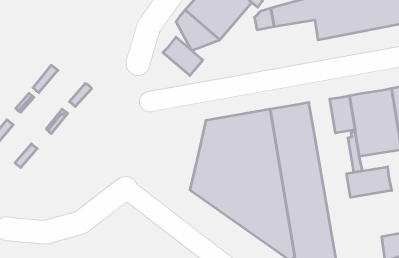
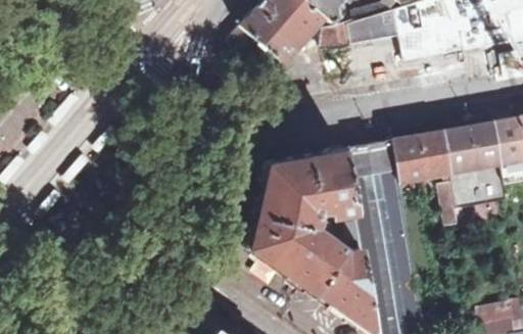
building: [163,37,203,76] -> none
building: none -> [391,135,424,181]
building: [347,167,392,197] -> none

